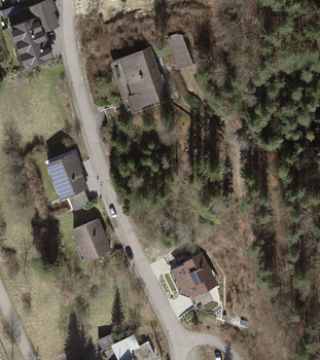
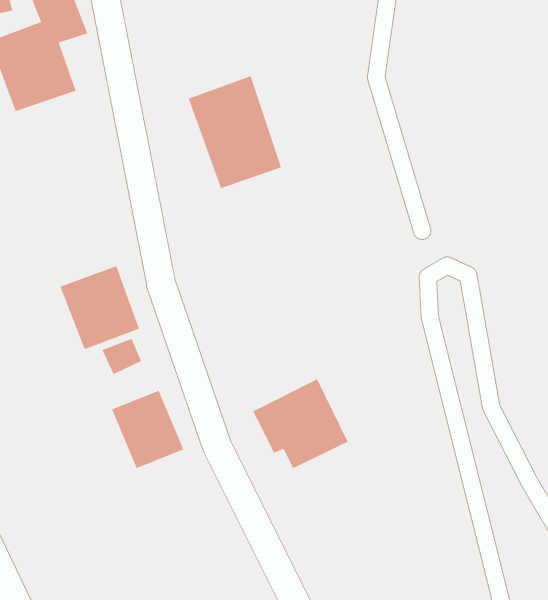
building: [166,32,192,69] -> none
building: [170,250,221,298] -> [252,379,348,469]

